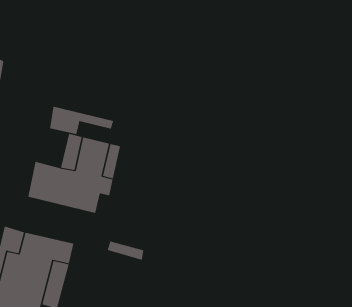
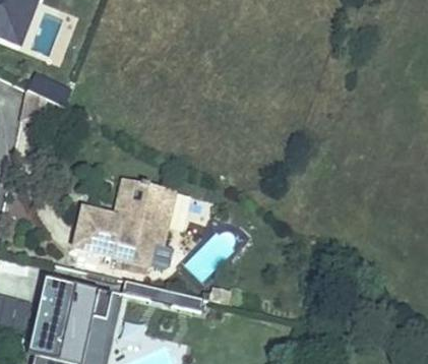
building: [49,106,114,135] -> none

